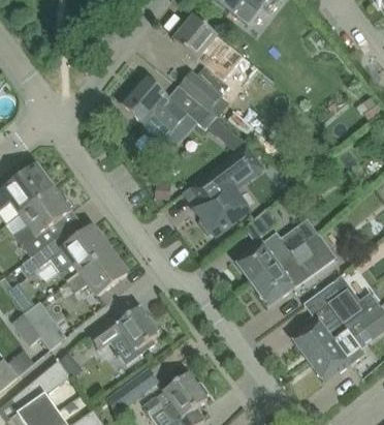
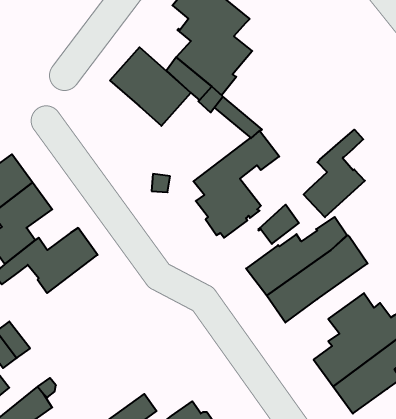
building: none -> [304,130,365,217]
building: [67,249,127,295] -> none
building: [90,306,160,364] -> none

